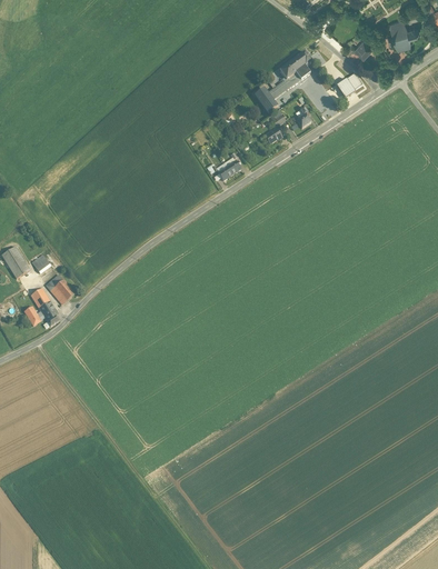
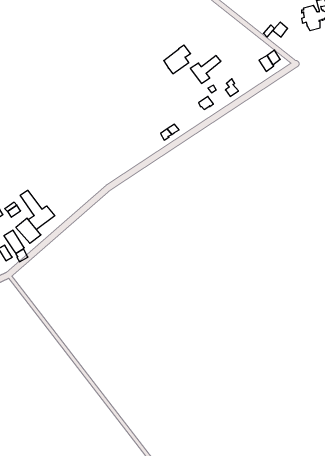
building: [279,51,311,86] -> [164,45,191,74]
building: none -> [20,190,55,229]

